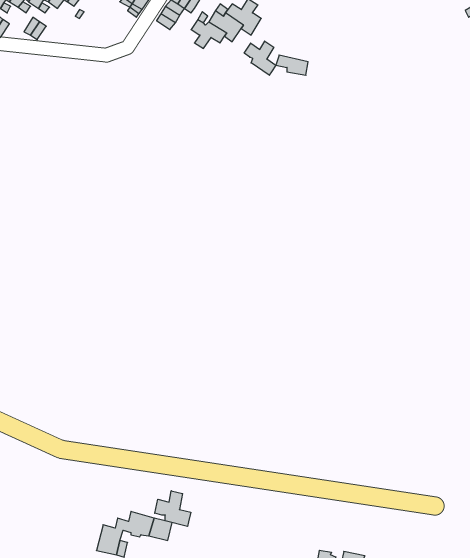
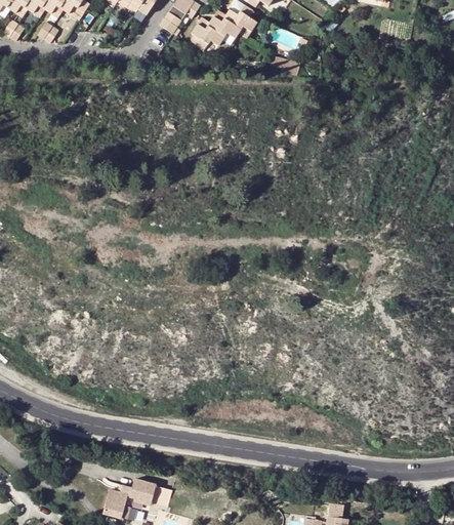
building: [244,41,276,75] -> none
building: [155,491,191,526] -> none

